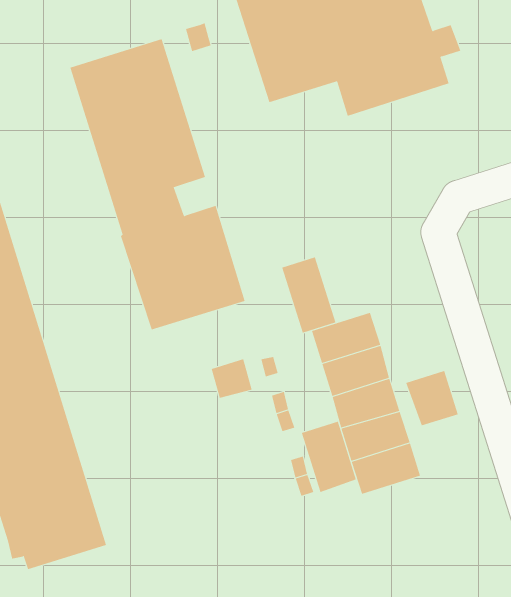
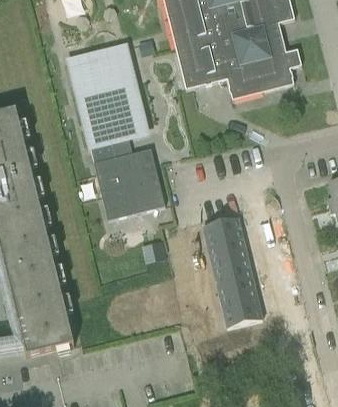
building: [281,256,336,334] -> none
building: [406,370,459,426] -> none
building: [301,421,356,493] -> none

